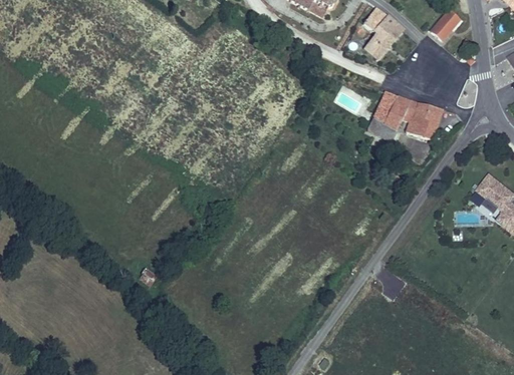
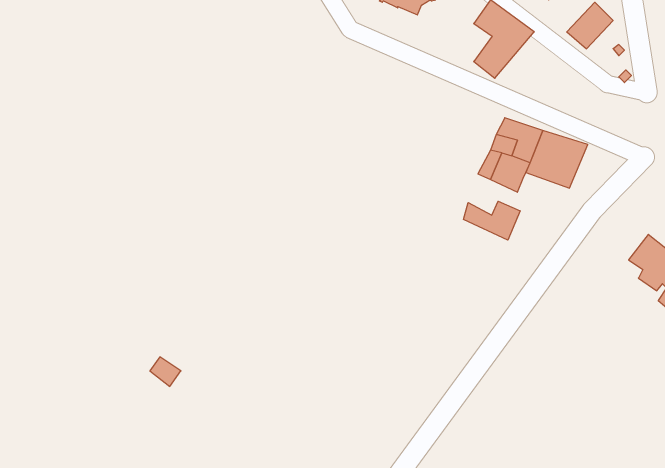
building: none -> [463,201,520,240]

